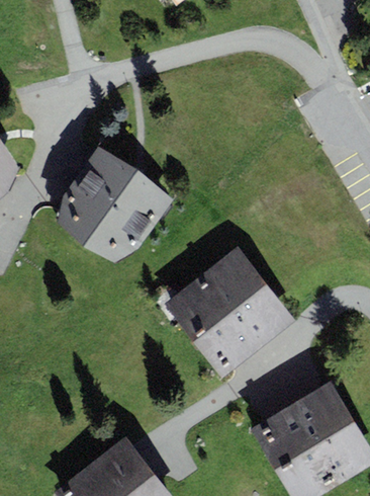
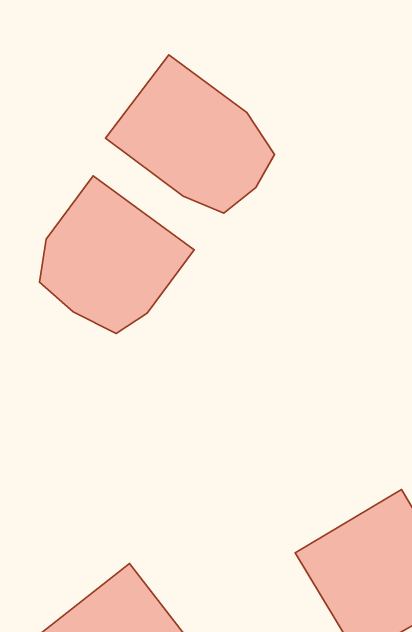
building: none -> [105,55,275,213]
building: [165,246,295,377] -> none

